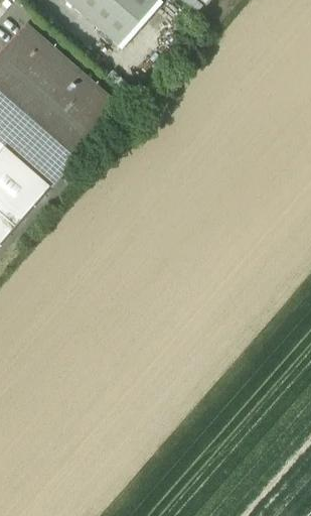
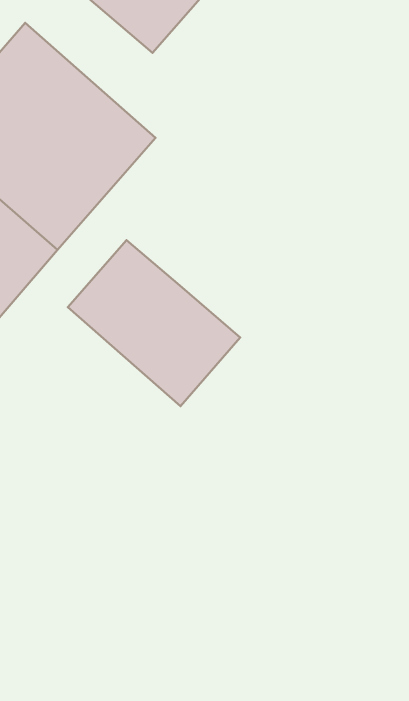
building: none -> [68,240,240,406]

